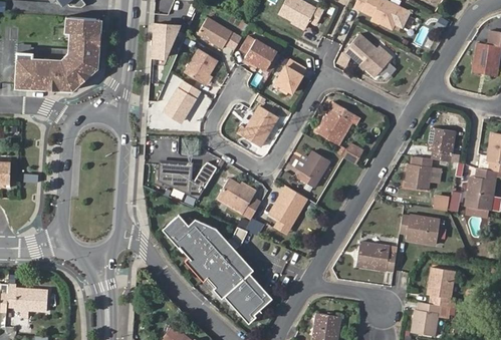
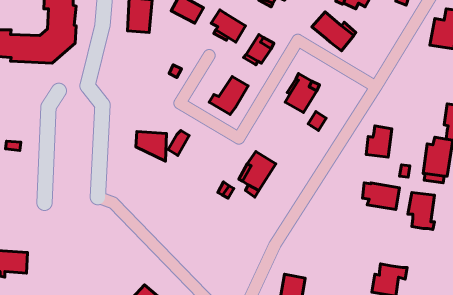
building: [185,43,220,81] -> none
building: [166,79,201,119] -> none
building: [428,127,456,159] -> none
building: [303,148,332,186] -> none
building: [219,178,259,213] -> none
building: [163,214,272,321] -> none
building: [355,242,397,272] -> none
building: [427,268,455,307] -> [408,192,435,229]

